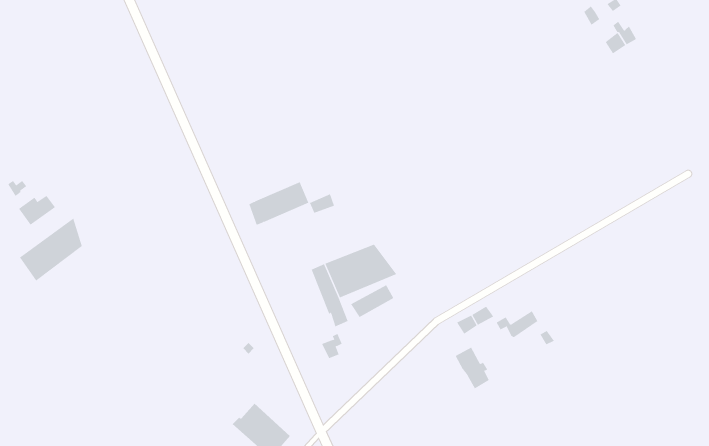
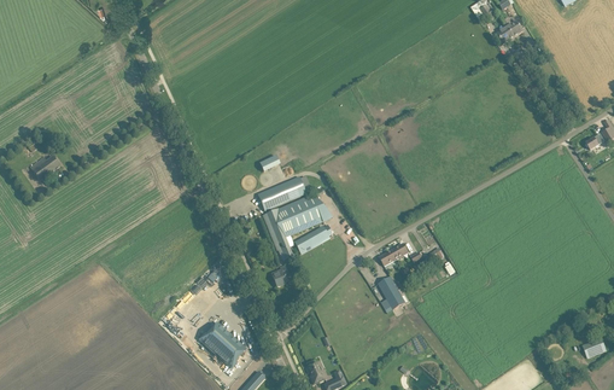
building: [249,182,309,225] -> [258,176,306,211]
building: [19,218,83,282] -> none

